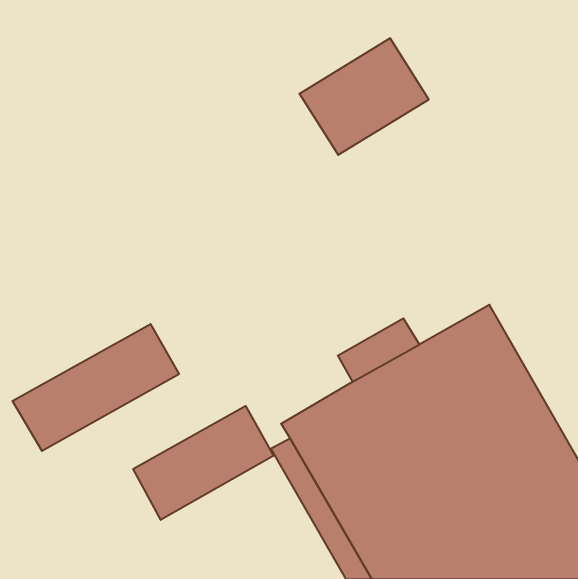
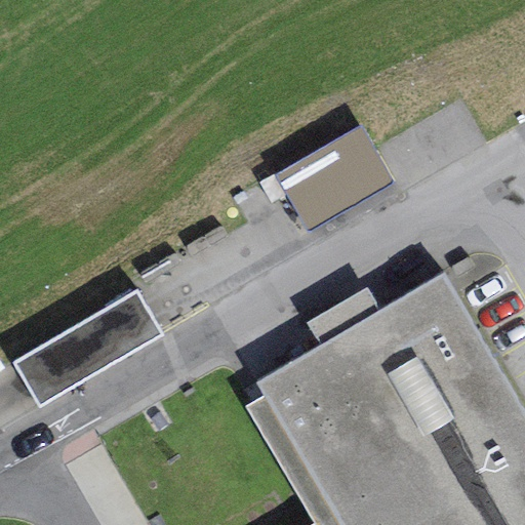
building: [299,38,429,155] -> [283,115,400,220]
building: [133,406,273,520] -> none

